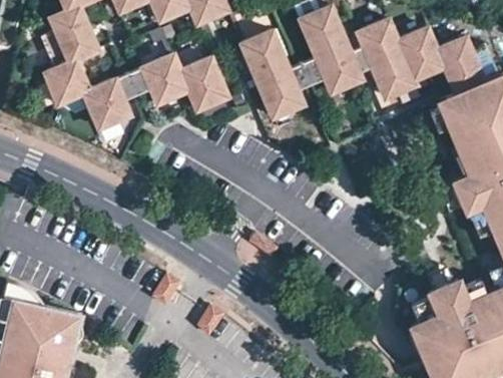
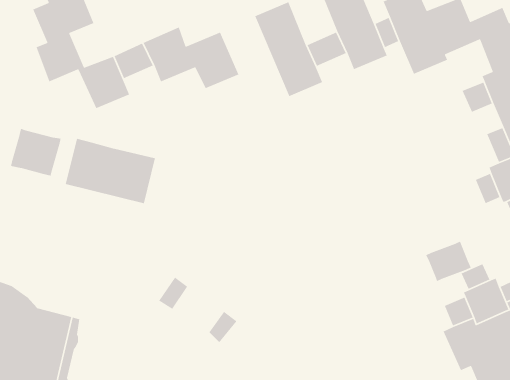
building: none -> [10,128,62,177]
building: none -> [65,138,156,204]
building: none -> [425,241,472,282]

